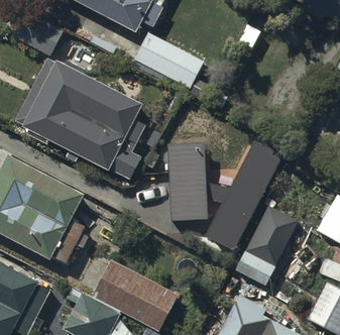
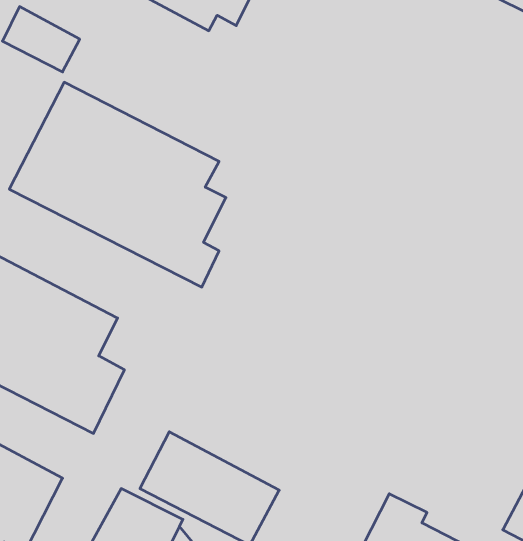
building: [134,32,203,88] -> none
building: [168,139,281,247] -> none
building: [236,206,298,285] -> none

